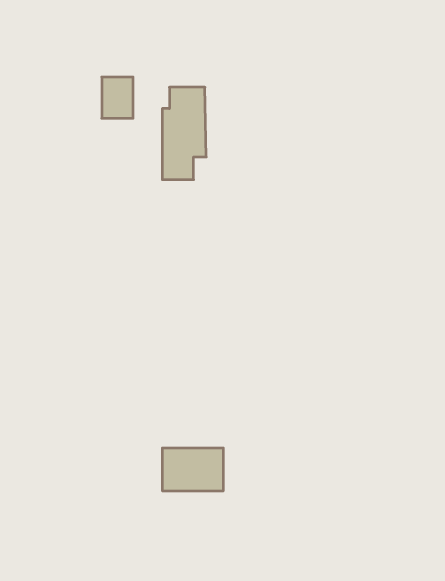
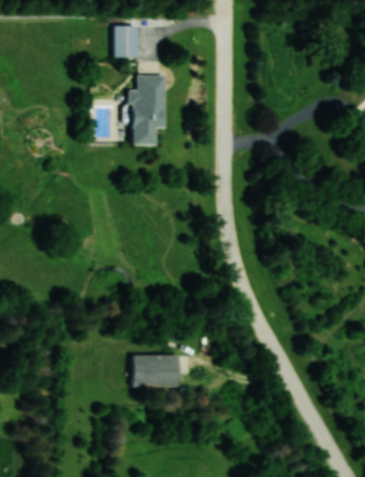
building: [102,77,133,118] -> [112,25,137,57]

